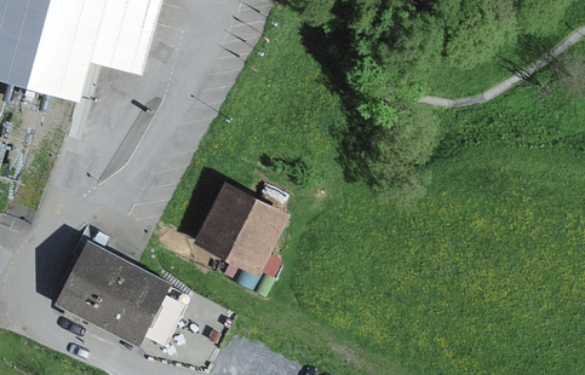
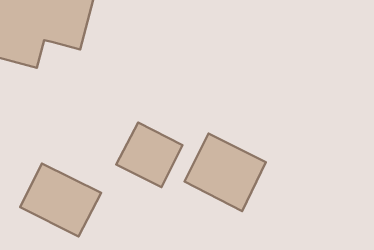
building: none -> [185,133,266,211]

